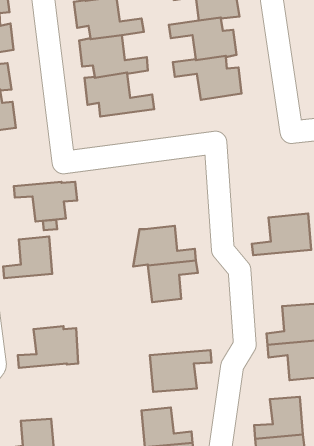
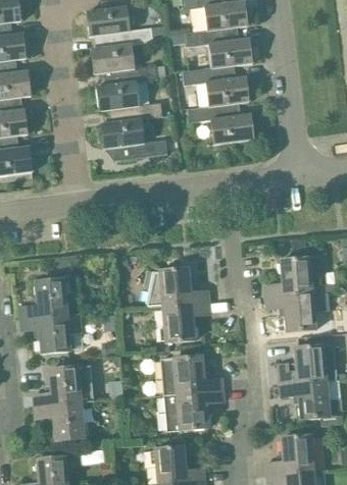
building: [14,182,77,221] -> [21,315,84,354]
building: none -> [265,292,316,331]
building: none -> [161,356,224,394]
building: none -> [36,402,87,440]

